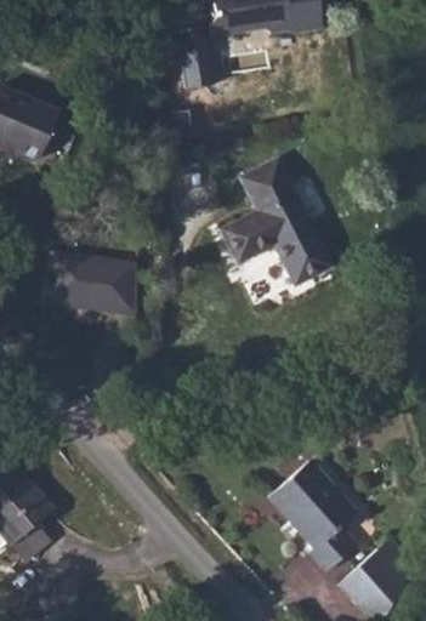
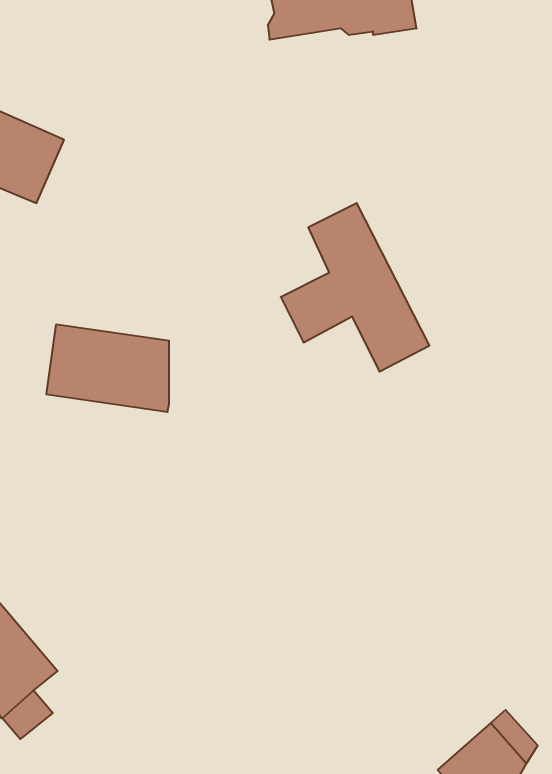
building: [271,460,358,570] -> none

